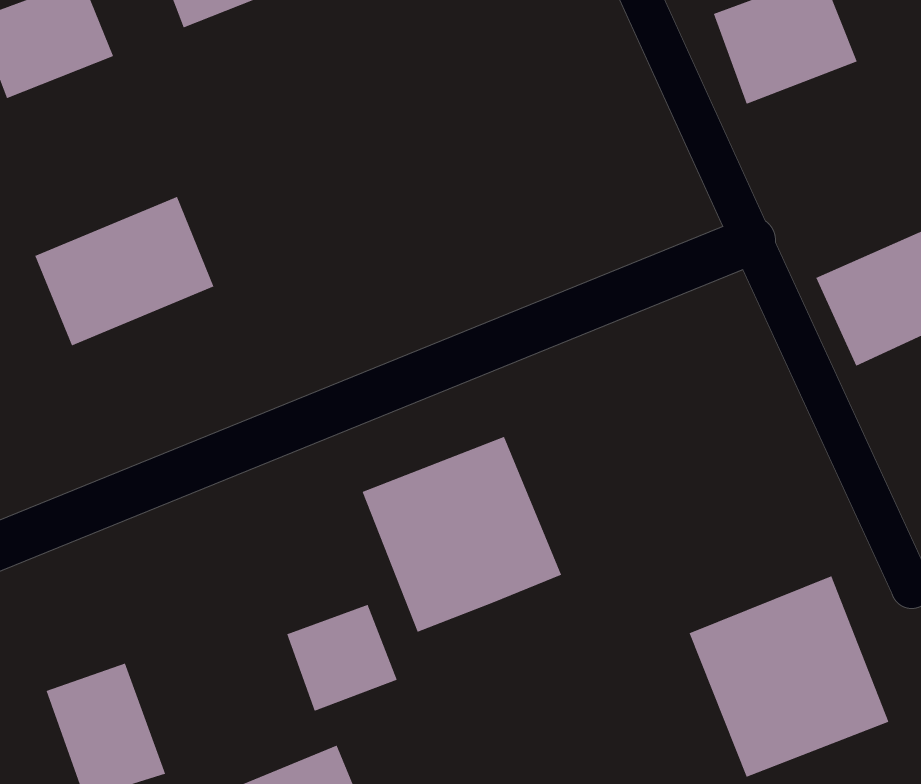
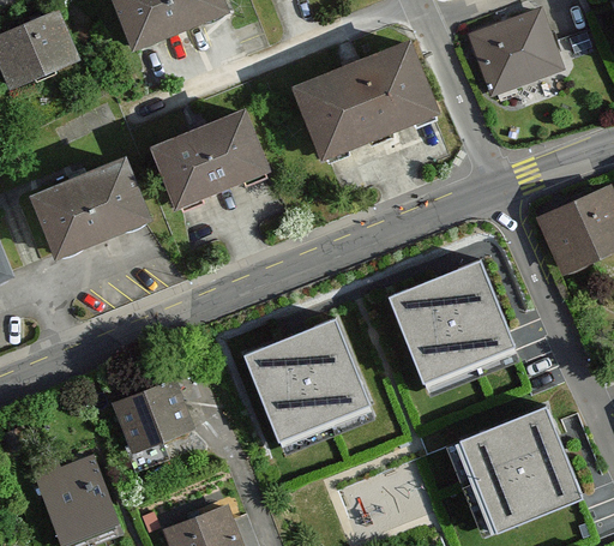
building: none -> [296,46,437,162]
building: none -> [159,115,269,206]
building: none -> [385,257,513,384]
building: [286,604,398,712] -> [119,379,191,449]

